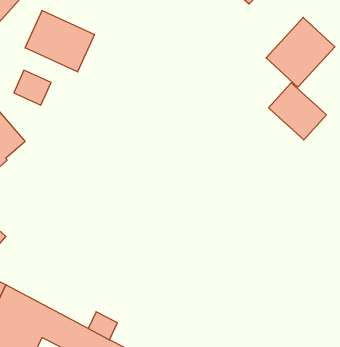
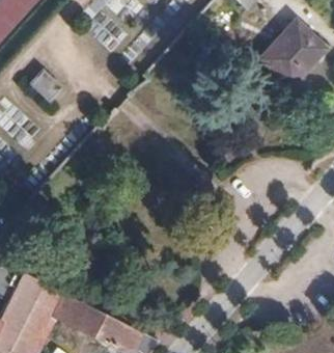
building: [25,10,95,72] -> none
building: [269,83,326,140] -> none

